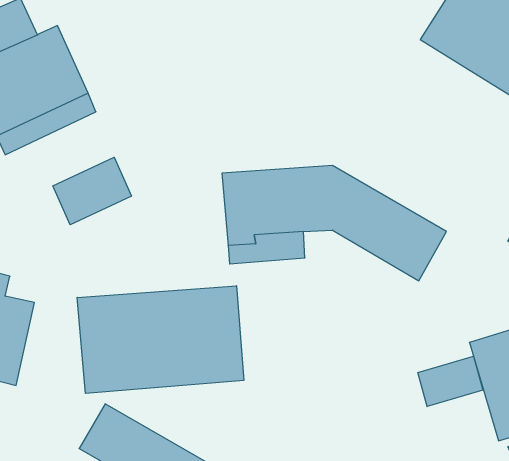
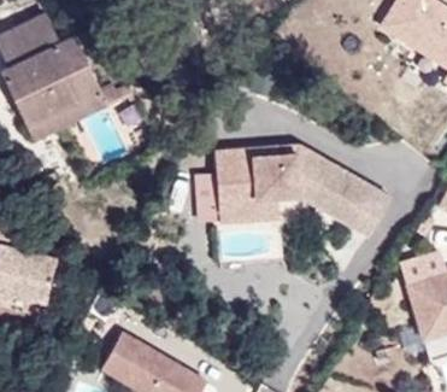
building: [53,157,132,225] -> none
building: [77,286,244,393] -> none
building: [418,356,483,407] -> none

